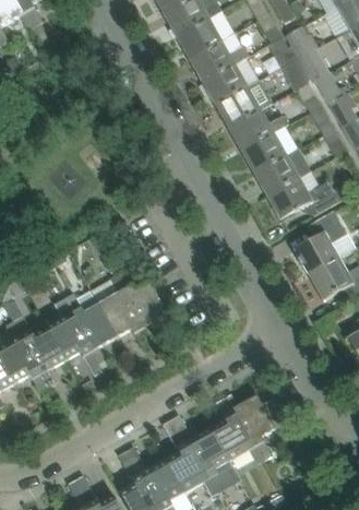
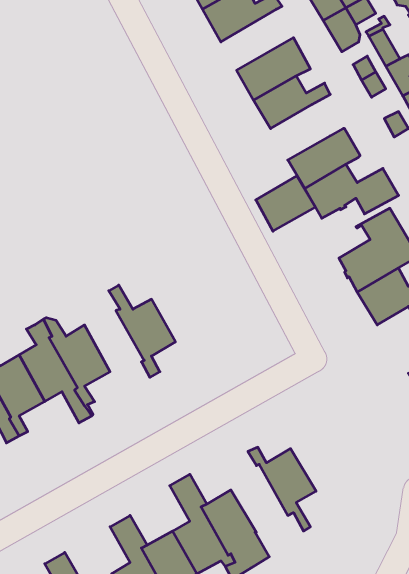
building: [203,59,259,106] -> none
building: [241,132,287,175] -> [256,176,315,231]
building: [98,275,148,346] -> none
building: [211,399,266,464] -> none

